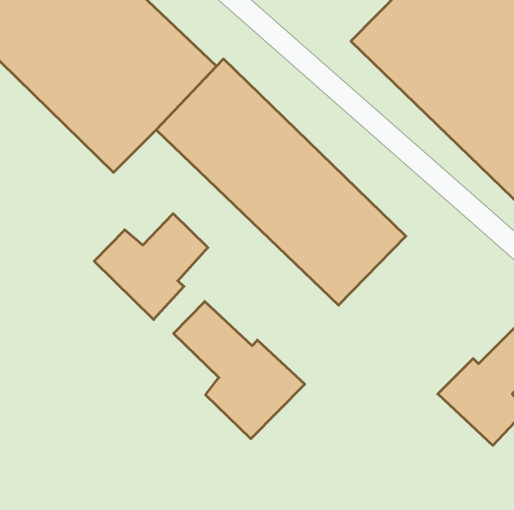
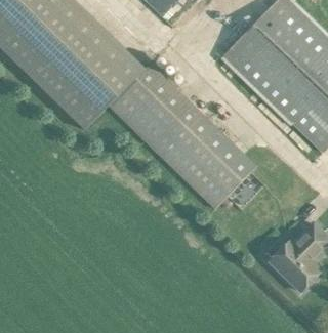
building: [94,214,208,320] -> none
building: [174,301,305,439] -> none

